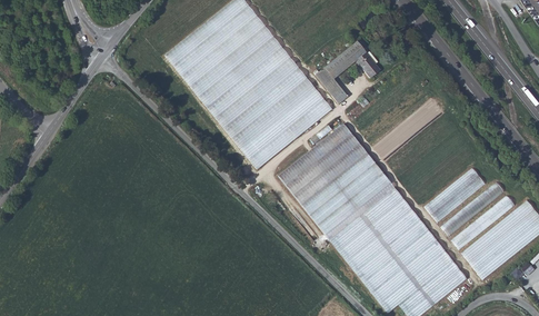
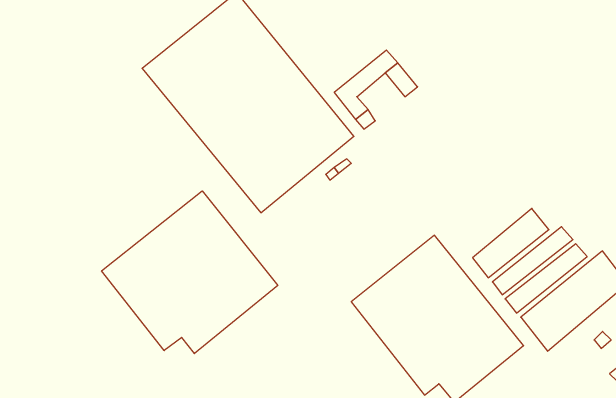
building: [278,124,390,234] -> none
building: none -> [102,191,278,354]

